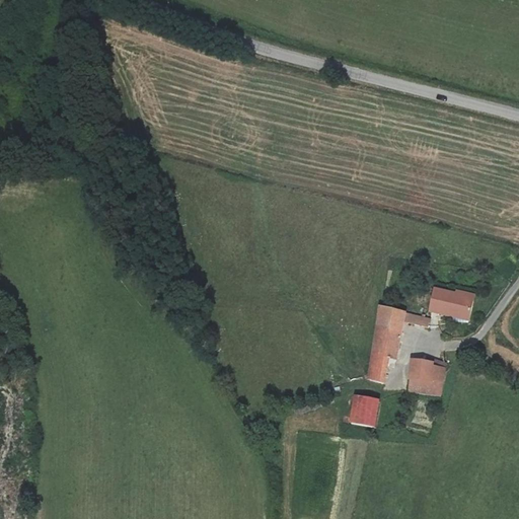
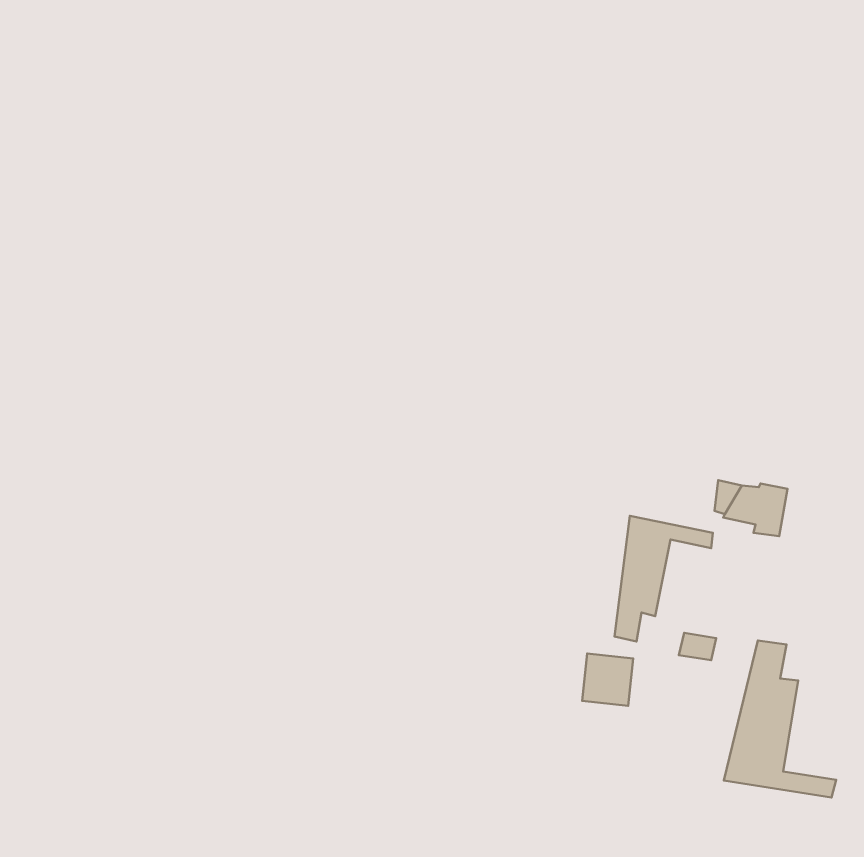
building: [411,360,448,384] -> none
building: none -> [724,641,836,797]

